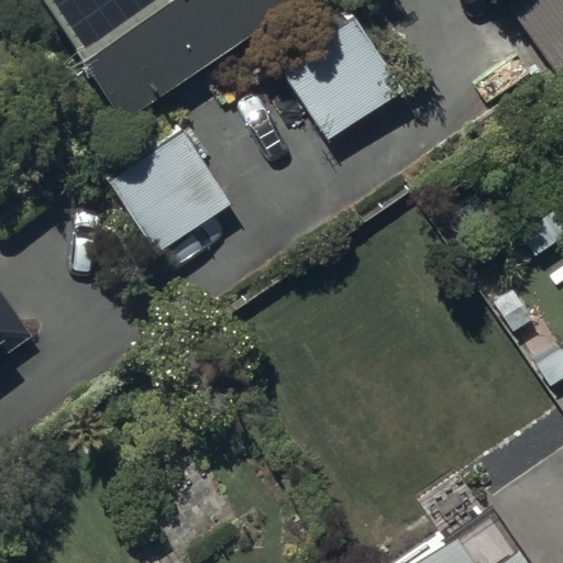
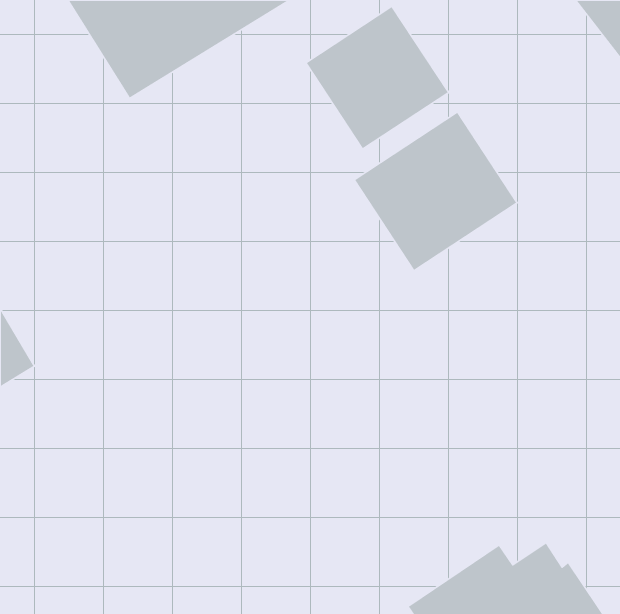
building: none -> [354,112,517,271]
building: [110,124,233,257] -> none

